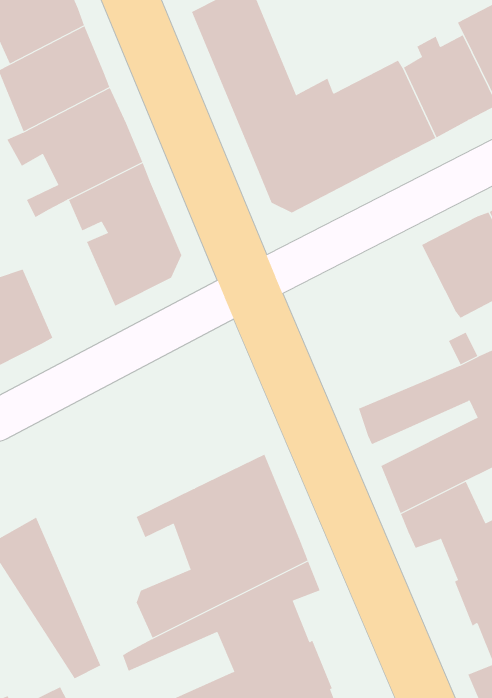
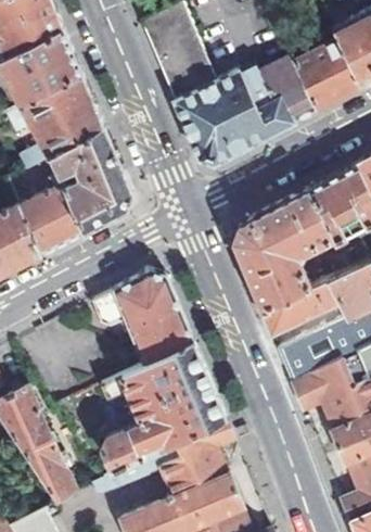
building: none -> [20,159,86,258]
building: none -> [233,191,332,309]
building: none -> [92,273,194,367]

